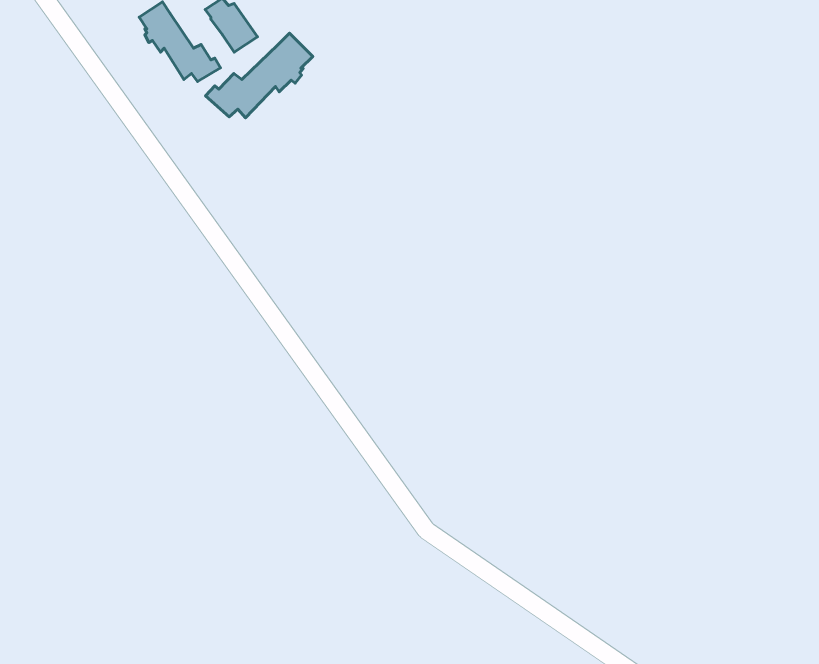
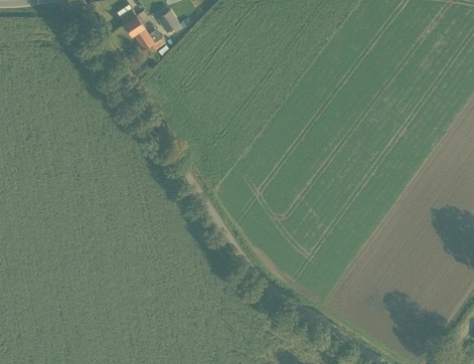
building: [206,33,313,118] -> none

